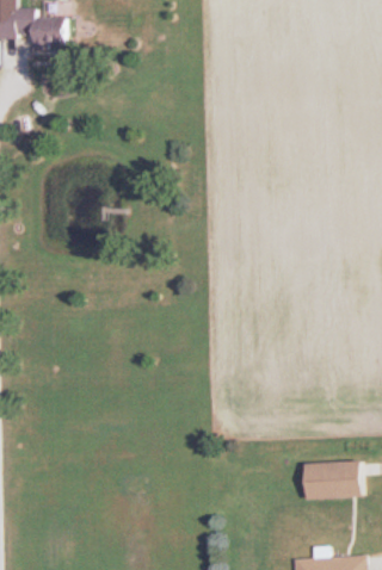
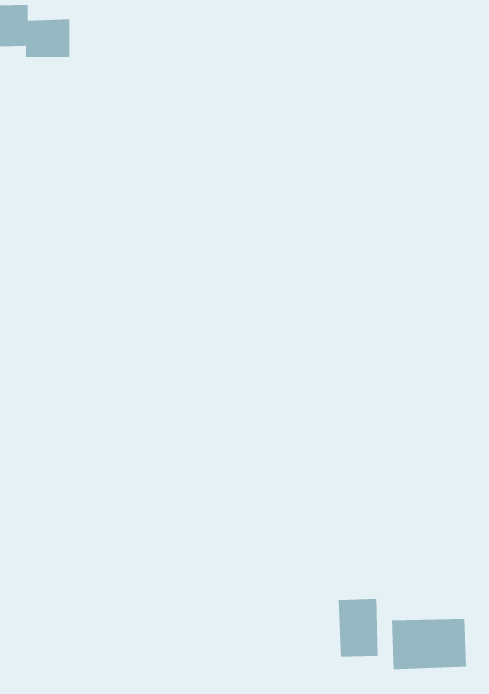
building: none -> [338,598,378,658]

